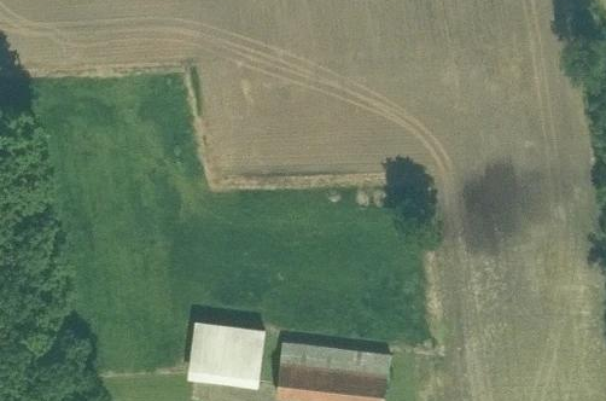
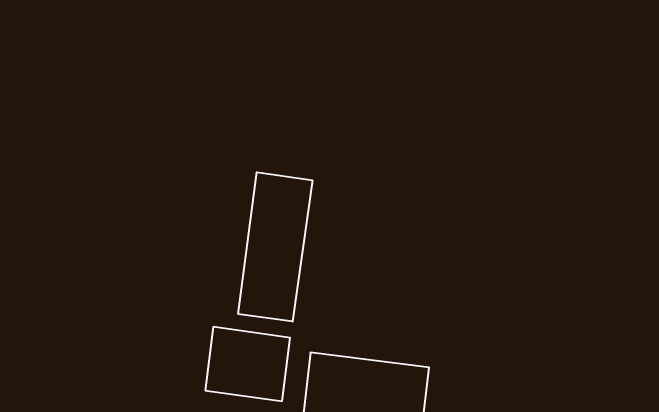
building: none -> [238,172,312,322]

